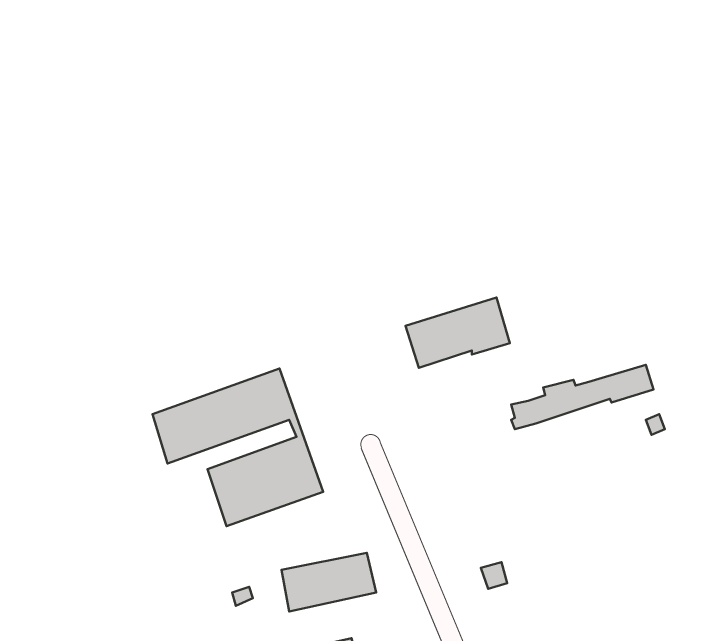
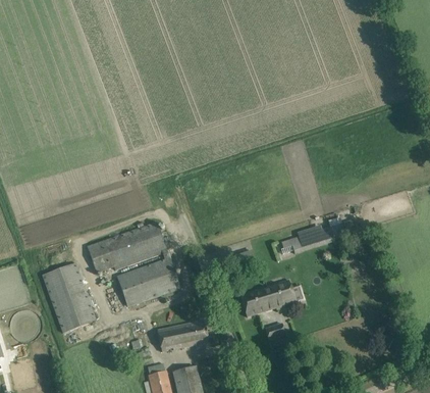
building: [405,297,510,368] -> [239,280,295,317]
building: none -> [41,262,96,334]

